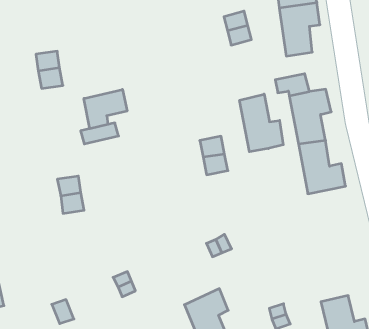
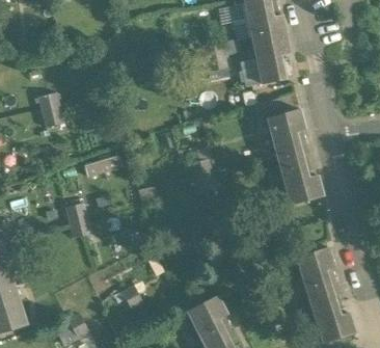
building: [84,89,127,129] -> none
building: [240,94,283,152] -> none
building: none -> [295,247,334,300]

